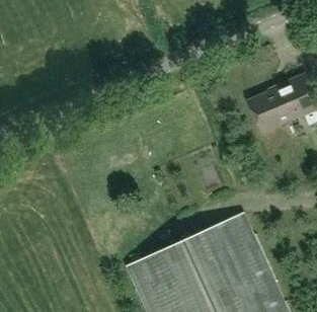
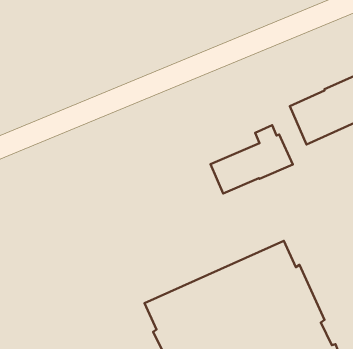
building: none -> [210,125,293,194]

